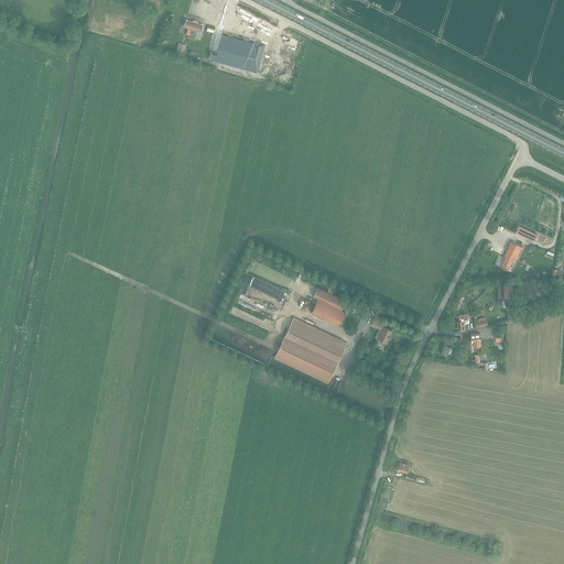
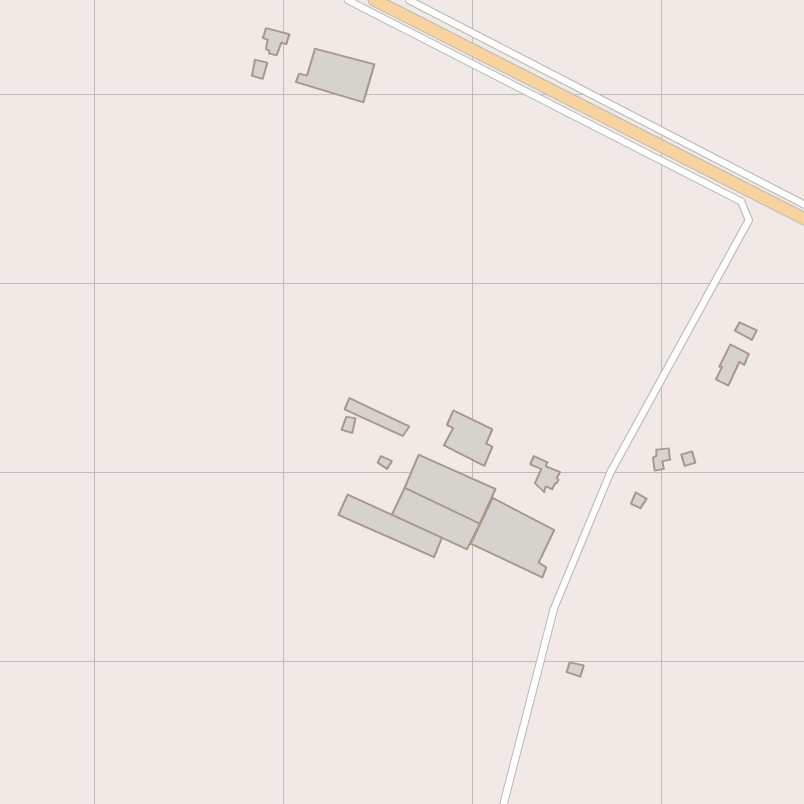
building: none -> [339,494,442,557]
building: none -> [471,498,554,578]

